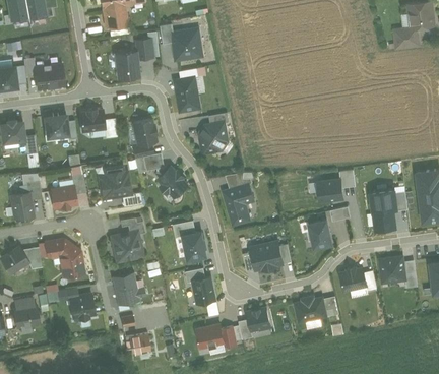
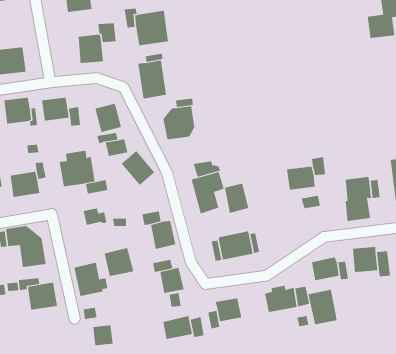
building: [310,219,334,248] -> [224,183,249,213]
building: [111,234,140,262] -> [104,247,134,277]
building: none -> [308,289,337,325]

